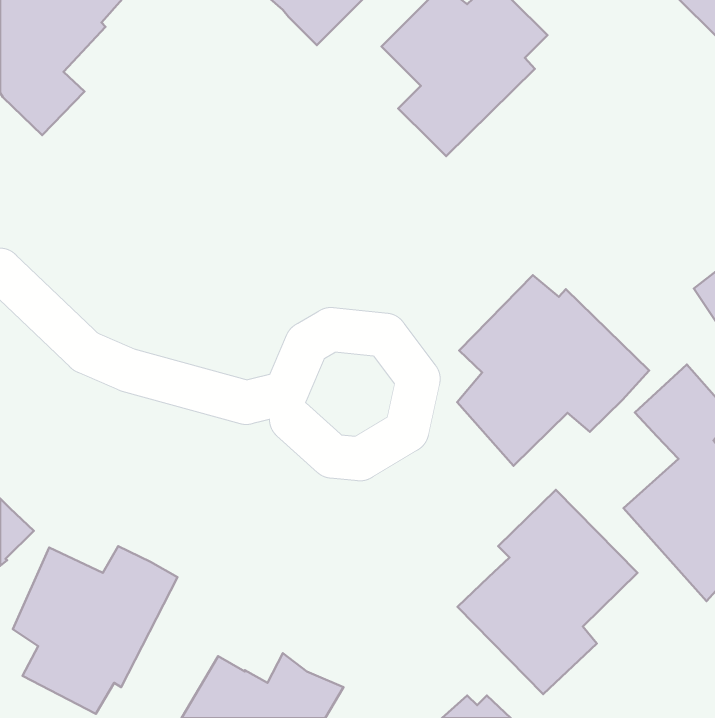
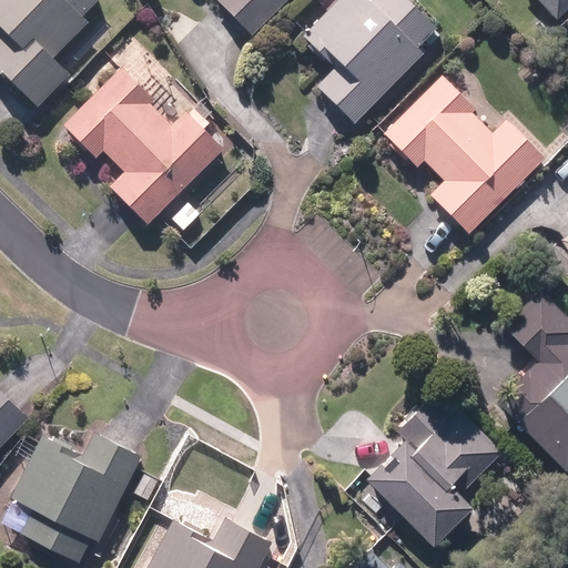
building: none -> [63,67,226,225]
building: none -> [385,74,545,234]
building: [457,275,649,466] -> none

